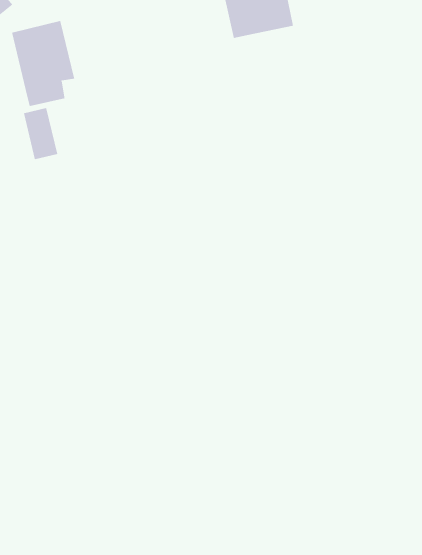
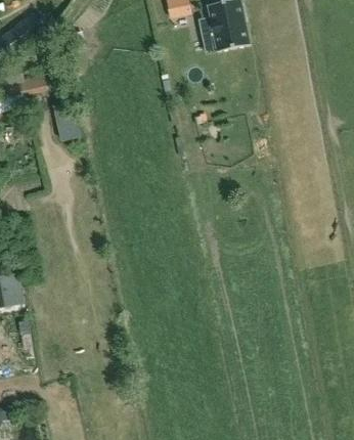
building: [11,20,75,107] -> none

